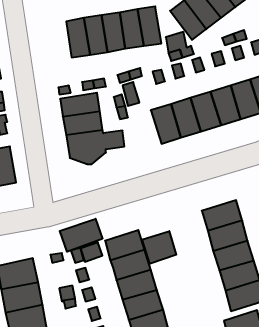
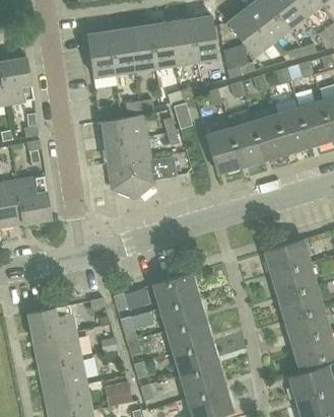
building: none -> [86,32,114,77]
building: [60,219,102,252] -> none
building: [142,231,176,264] -> none

